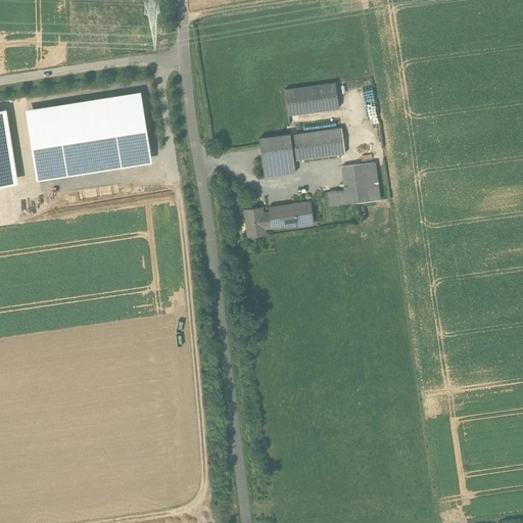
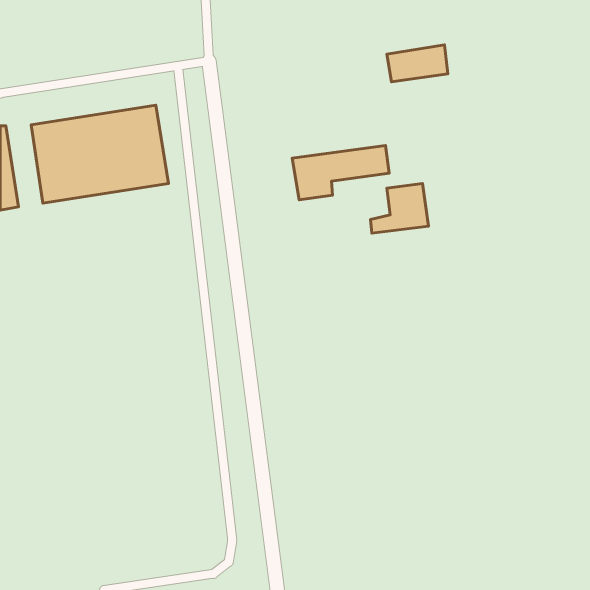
building: [284,83,338,115] -> [387,45,448,82]
building: [244,201,313,238] -> none

